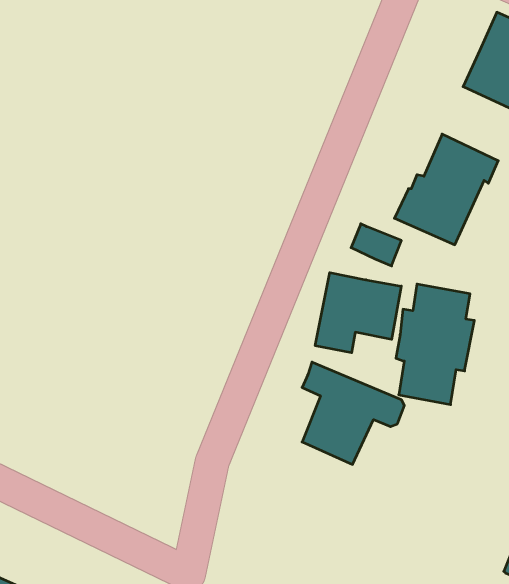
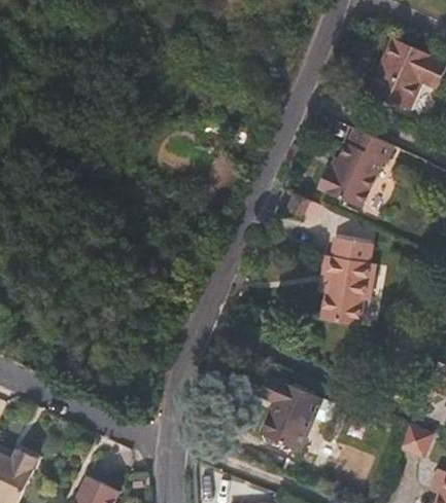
building: [315,273,401,353] -> none
building: [302,362,404,464] -> [262,375,337,451]

